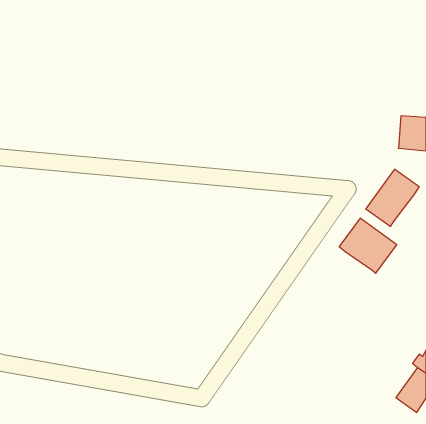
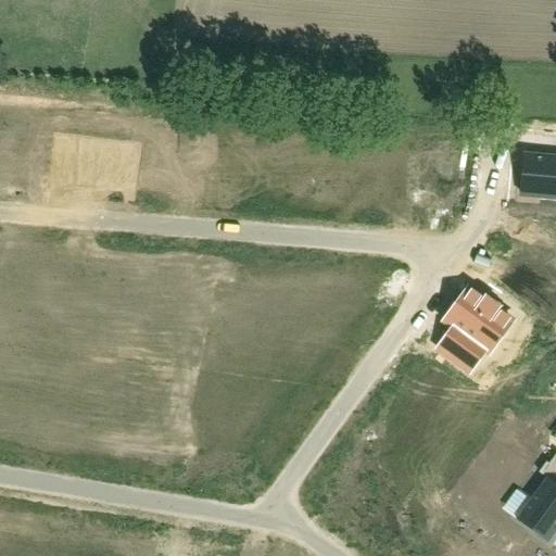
building: [366,169,419,227] -> none
building: none -> [435,328,484,374]

